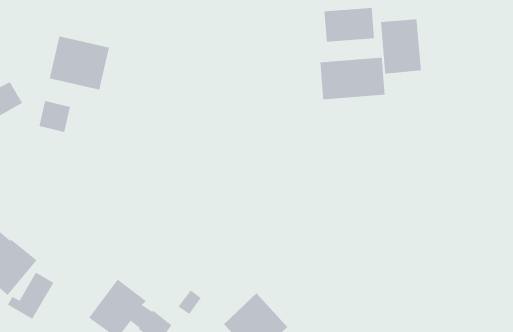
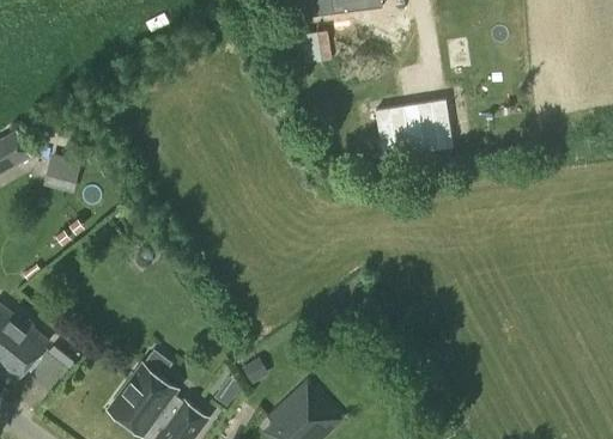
building: [323,7,375,43] -> none
building: [380,19,422,75] -> none
building: [49,36,110,90] -> none

